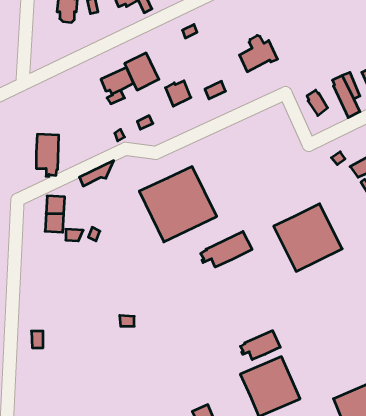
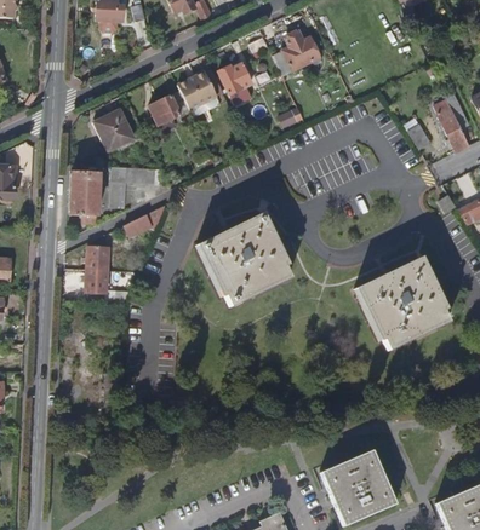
building: [239,35,278,72] -> [274,30,321,75]
building: [165,81,191,106] -> [221,63,252,94]
building: none -> [92,110,133,150]
building: none -> [110,167,170,208]
building: [201,231,252,267] -> none
building: [240,331,280,360] -> none

